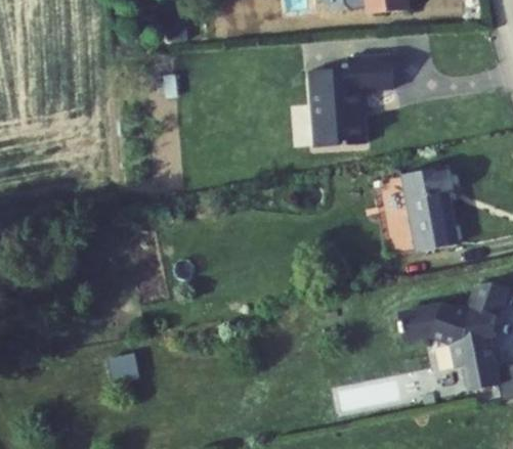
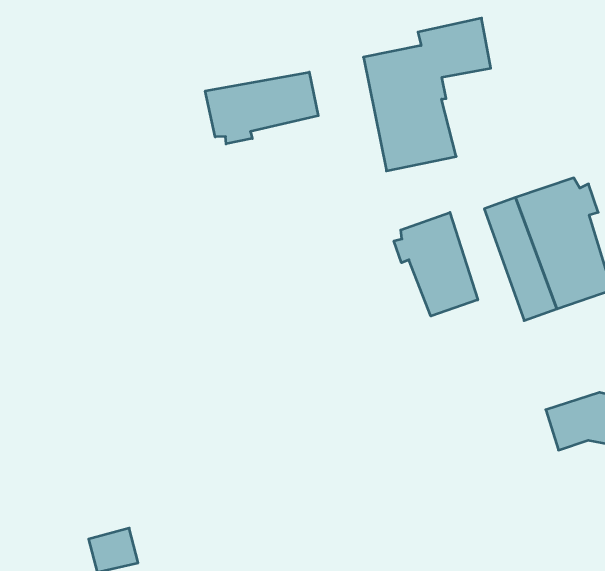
building: none -> [205,72,318,144]
building: none -> [394,212,478,316]

